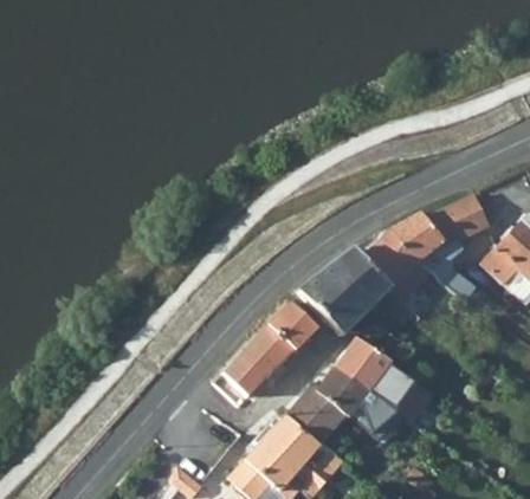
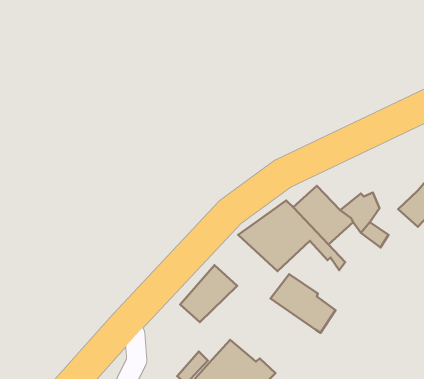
building: [389,196,497,260] -> none
building: [266,304,317,351] -> none
building: [285,367,388,442] -> none

